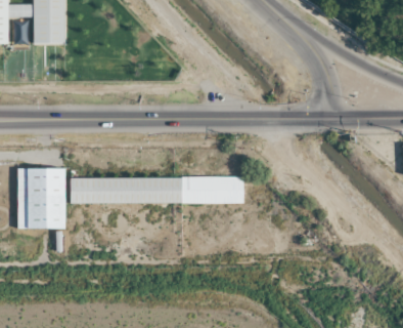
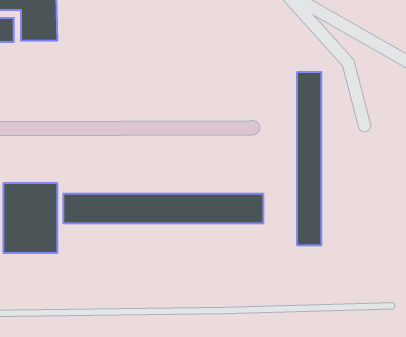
building: none -> [297,72,321,245]

